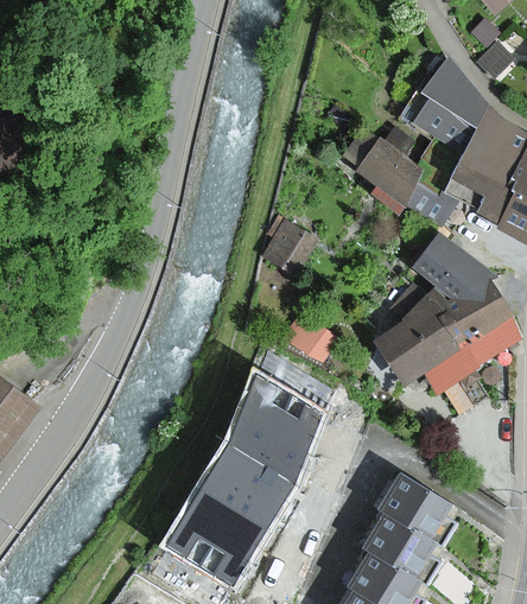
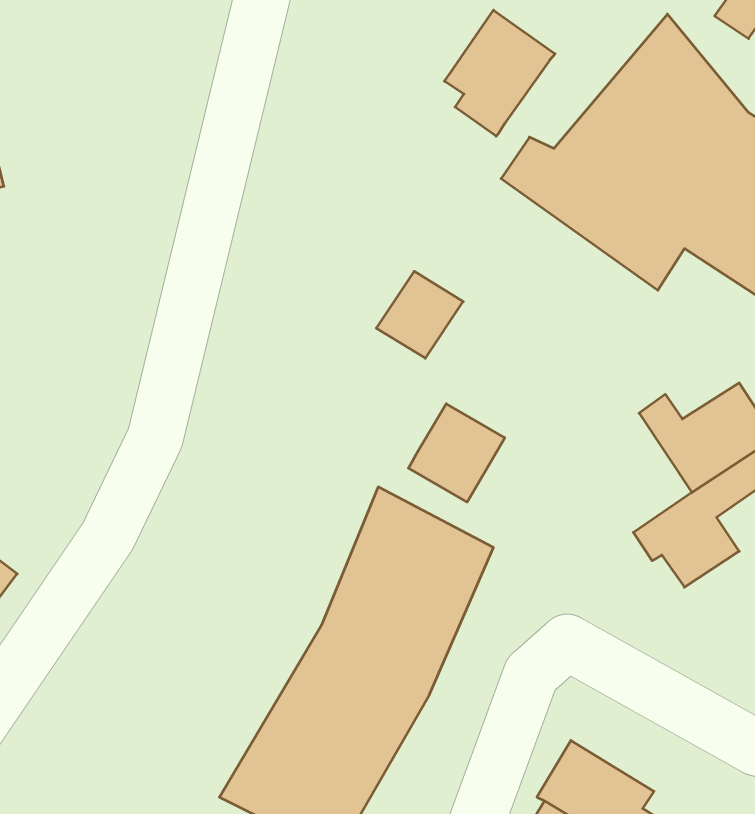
building: none -> [444,10,555,136]
building: [415,235,495,309] -> none
building: [373,305,461,392] -> none
building: [377,472,456,545] -> none

